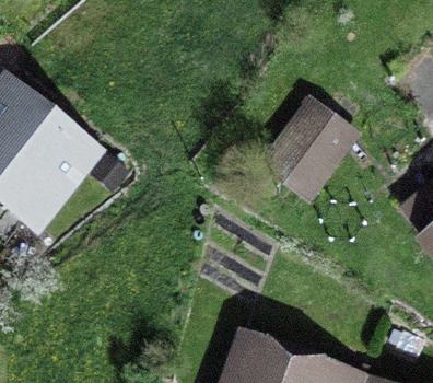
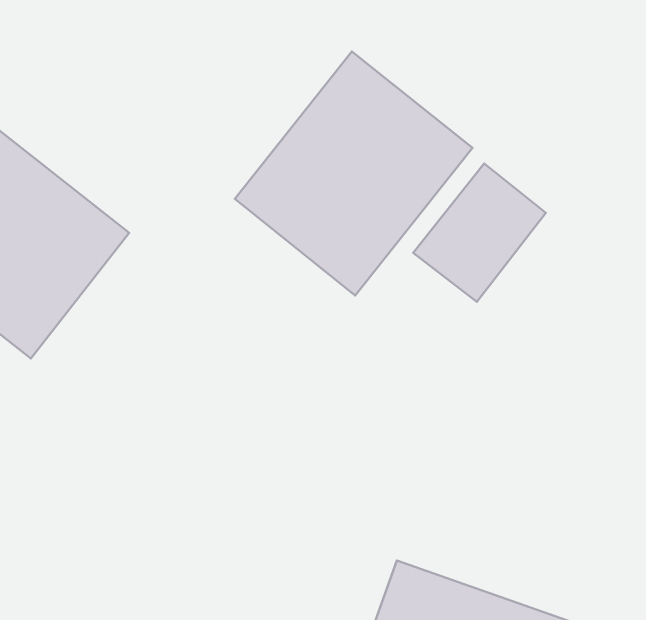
building: none -> [235,51,472,295]

